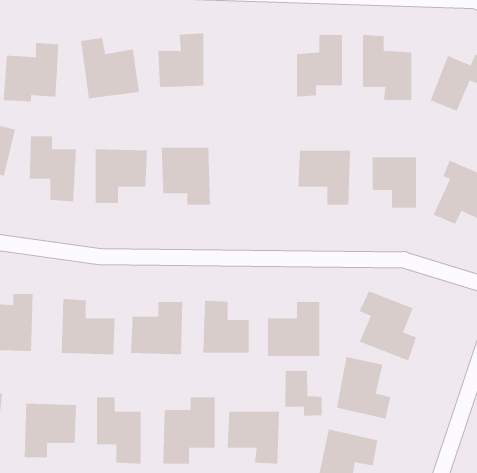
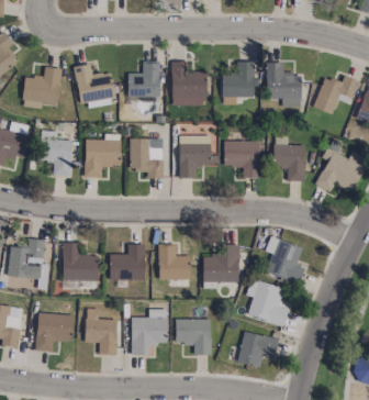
building: none -> [171,62,206,105]
building: none -> [179,135,219,178]
building: [285,370,322,416] -> none

